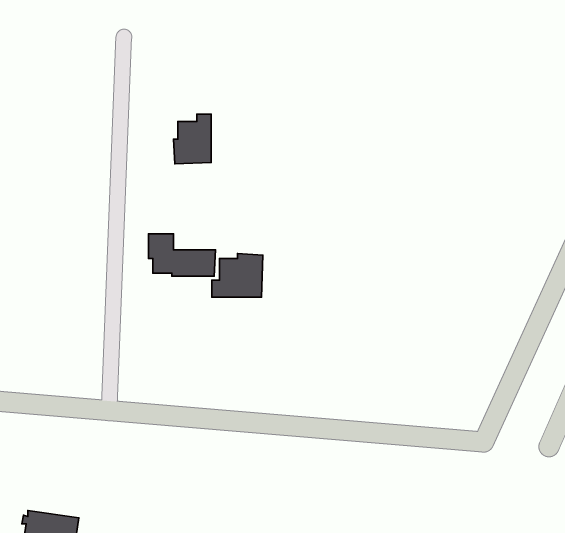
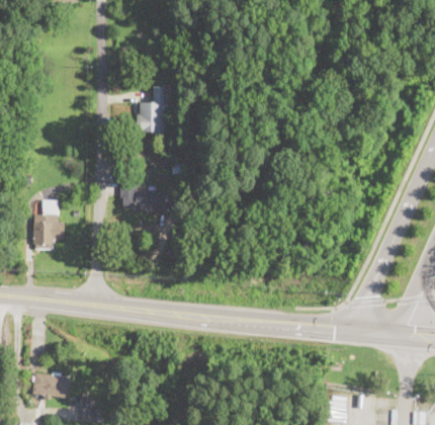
building: [212,253,263,297] -> none
building: none -> [32,198,64,248]

